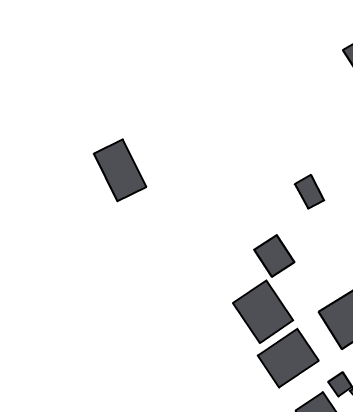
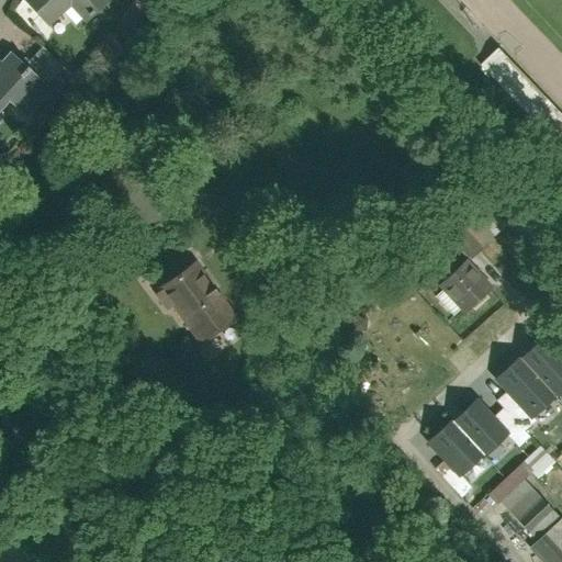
building: [94,139,146,201] -> [162,262,232,337]
building: [254,235,295,277] -> [438,259,488,310]
building: [233,280,293,343] -> none

